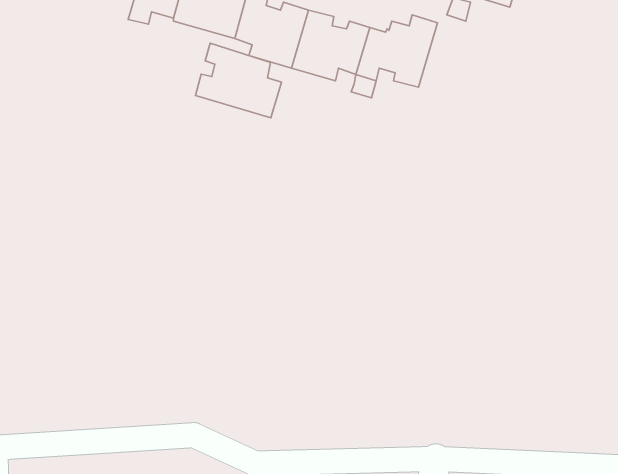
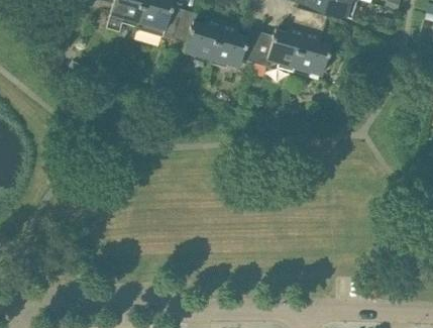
building: none -> [293,30,330,77]
building: [195,43,282,118] -> none

